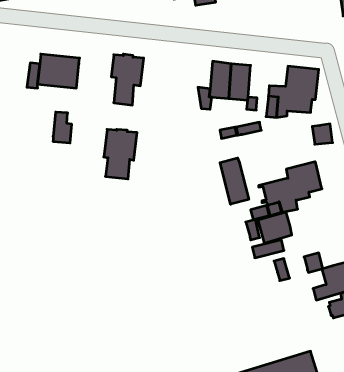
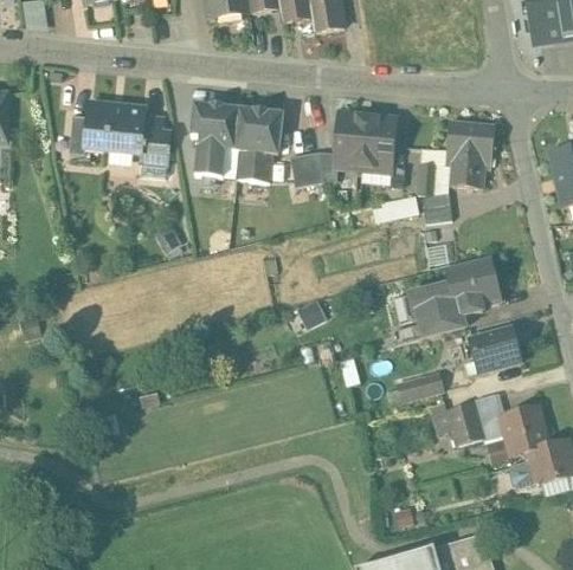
building: none -> [291,150,323,186]
building: [53,112,72,143] -> [141,116,168,161]
building: [312,124,333,144] -> [423,192,452,221]
building: [104,129,137,179] -> [234,108,283,180]
building: [220,158,249,204] -> none
building: [258,212,292,243] -> [470,326,520,371]
building: none -> [446,401,483,443]

